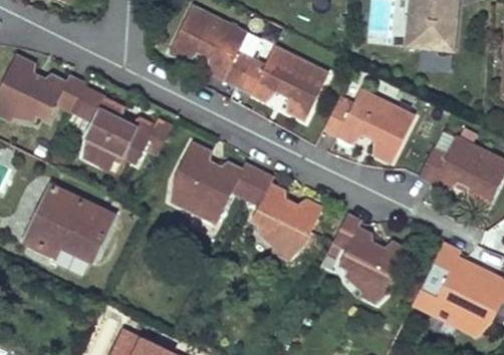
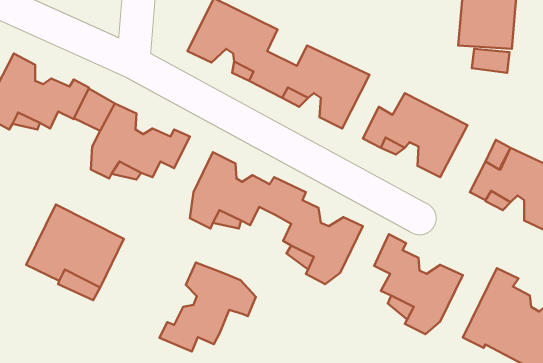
building: none -> [159,263,256,352]

